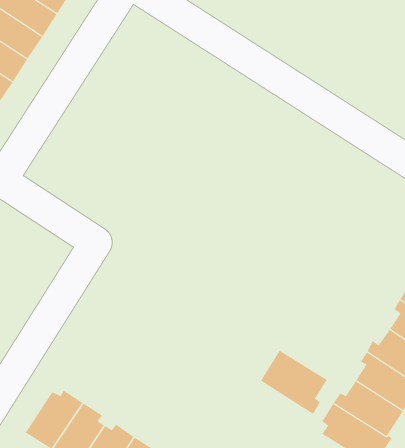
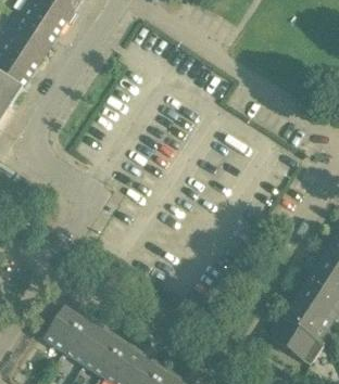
building: [261,350,327,415] -> none

